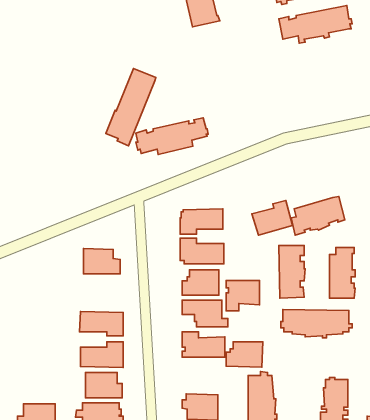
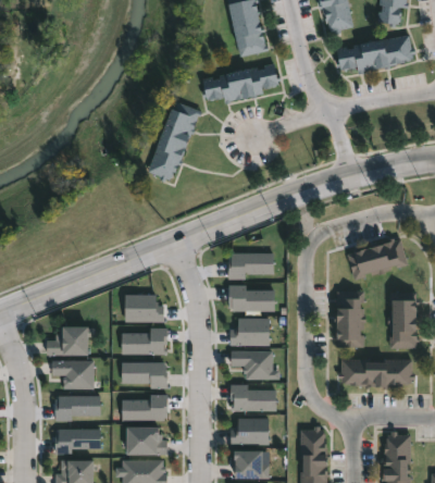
building: [136,118,208,154] -> [202,64,279,103]
building: [252,200,293,235] -> none
building: none -> [47,327,95,357]
building: none -> [122,327,167,355]
building: [226,280,260,311] -> none
building: none -> [52,361,94,389]
building: [226,342,263,367] -> [232,419,271,446]
building: none -> [54,396,100,421]
building: none -> [54,430,100,455]

